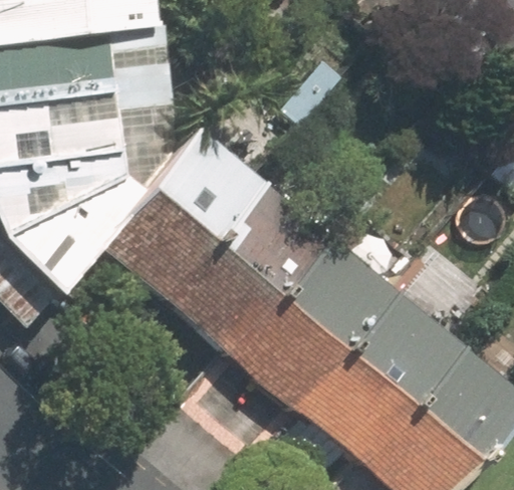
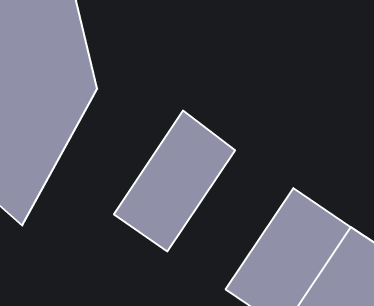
building: [96,125,262,299] -> none
building: [226,233,391,406] -> none

